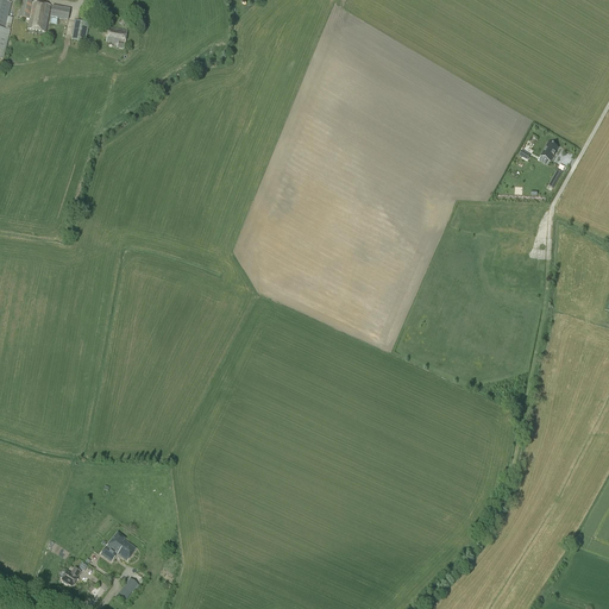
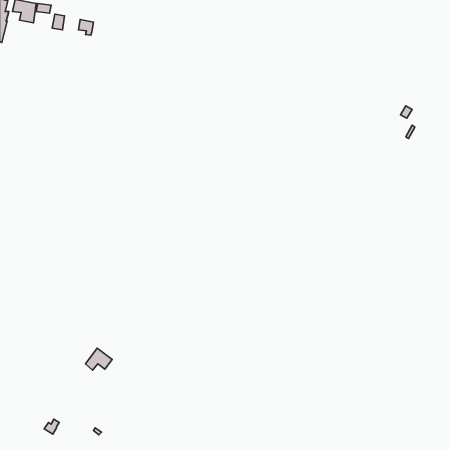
building: [100,530,136,560] -> [86,348,112,370]

